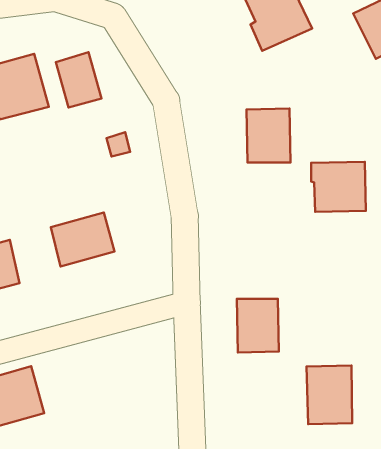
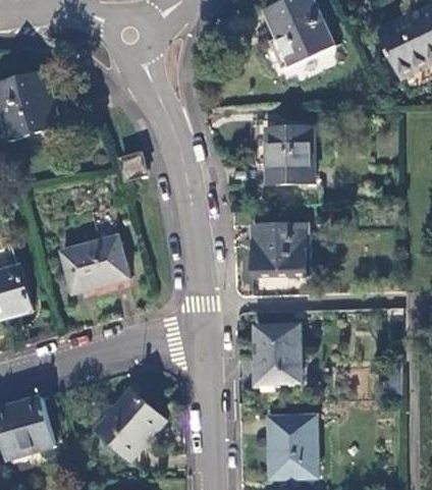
building: [56,52,101,107] -> none
building: [311,162,366,212] -> [252,223,309,275]
building: none -> [99,390,166,460]
building: [306,365,352,424] -> [269,417,317,478]

